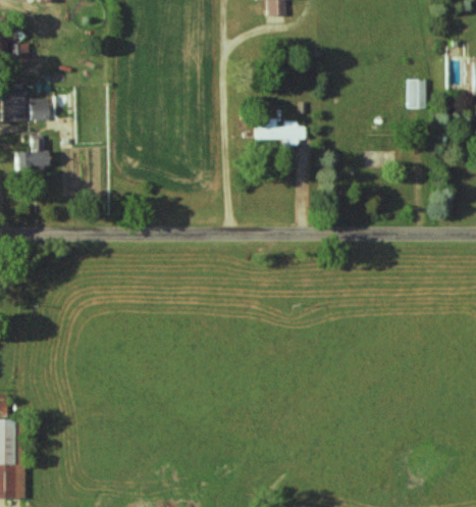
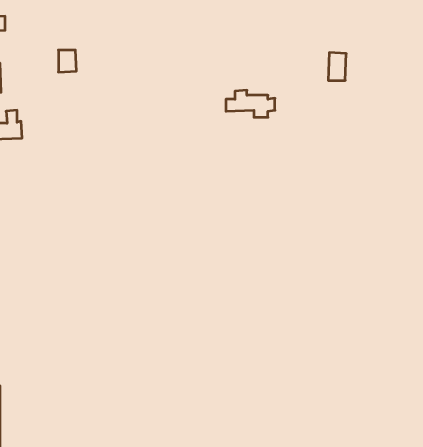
building: [409,79,427,107] -> [328,53,346,80]
building: [31,98,49,120] -> [58,50,76,72]

